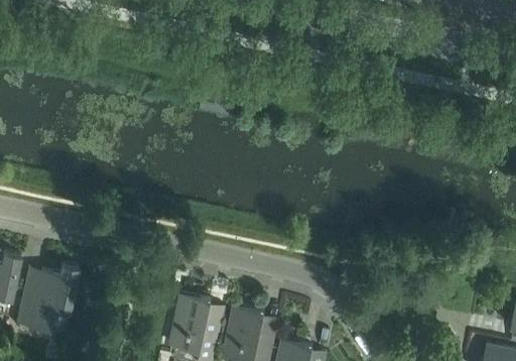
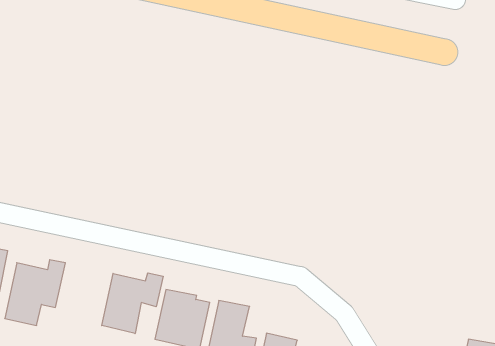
building: none -> [102,273,163,334]

